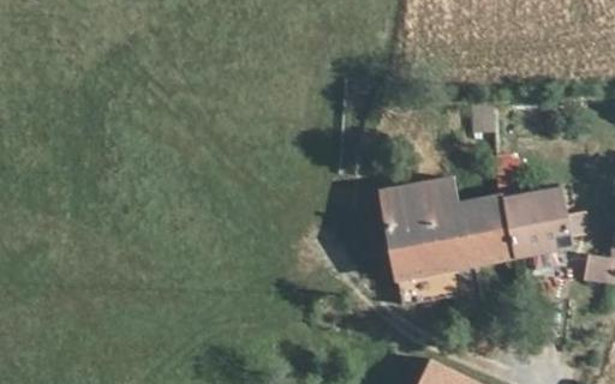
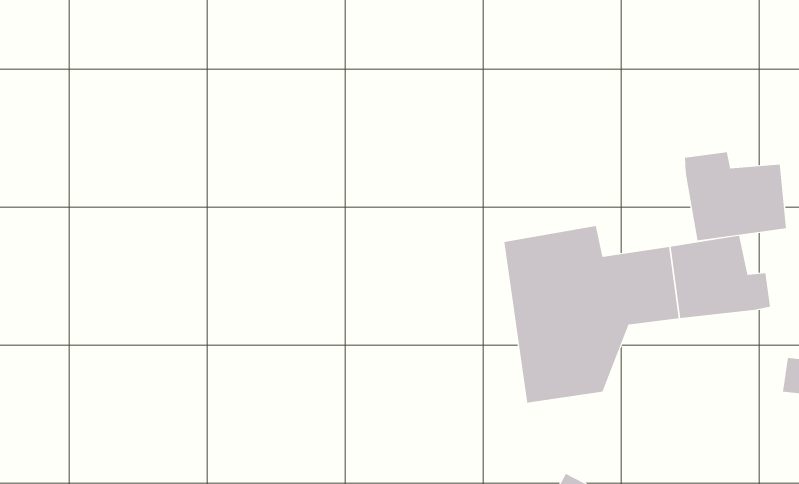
building: none -> [684,152,787,241]

